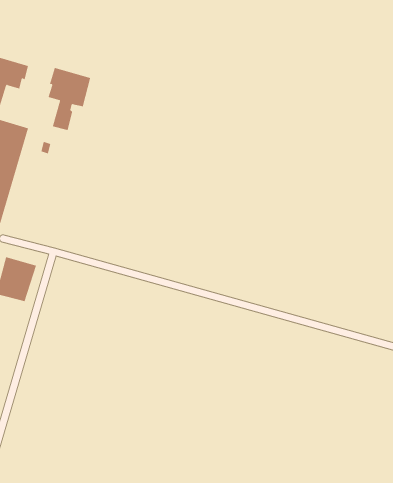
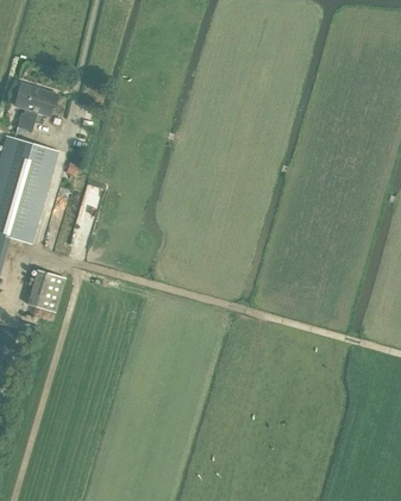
building: [48,67,91,131] -> none

